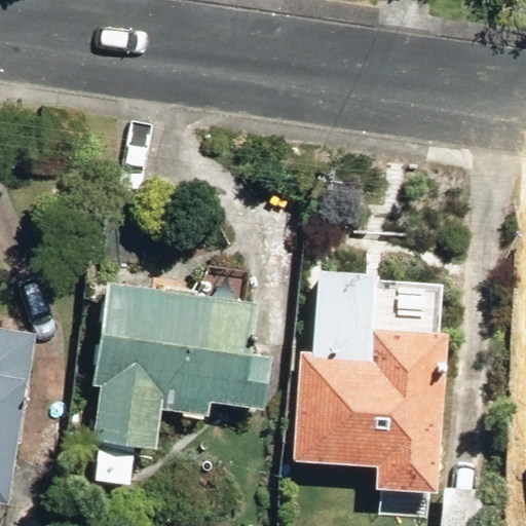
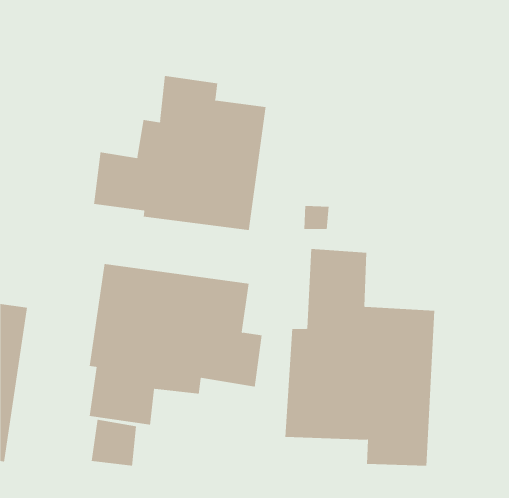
building: none -> [93,75,266,231]

